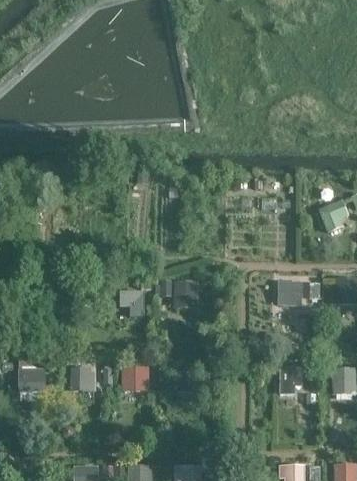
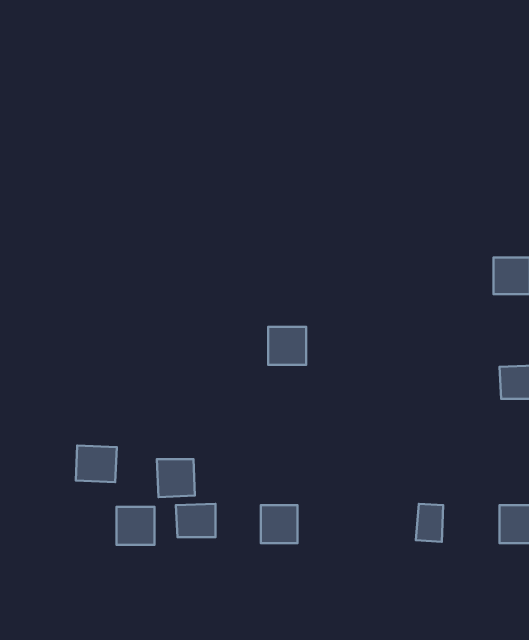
building: [177,286,202,311] -> [268,327,306,365]
building: [280,286,305,310] -> none
building: [117,291,142,316] -> [157,459,195,497]
building: [17,367,44,391] -> [76,446,117,482]

